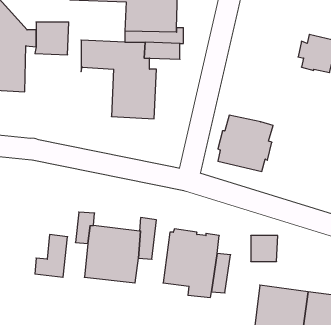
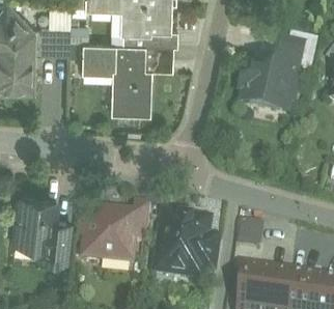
building: [218,115,273,171] -> [245,59,296,111]
building: none -> [12,195,55,243]

